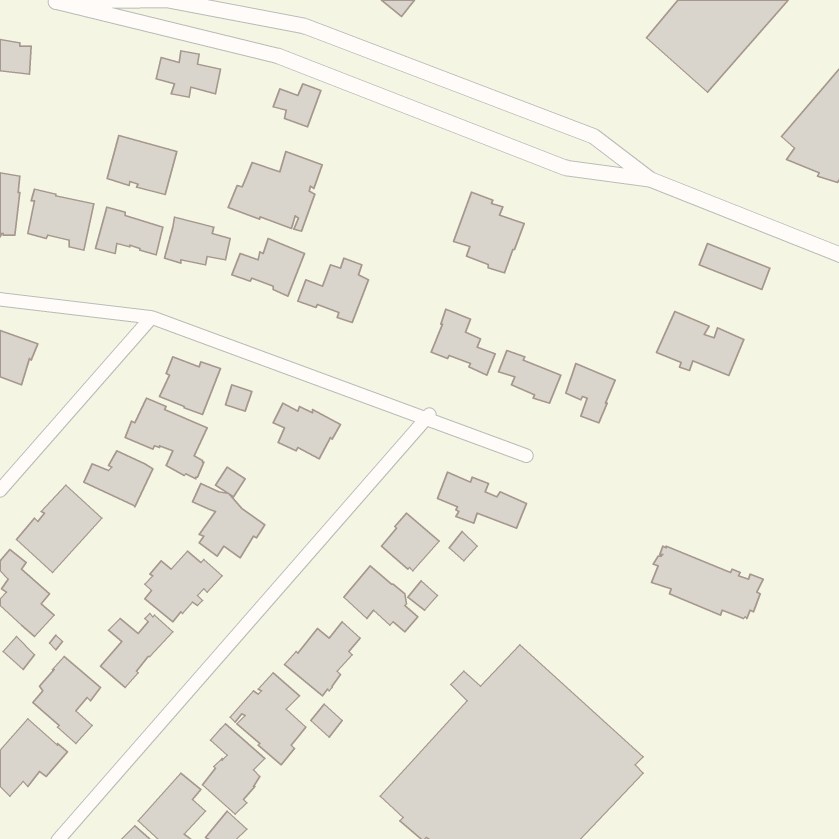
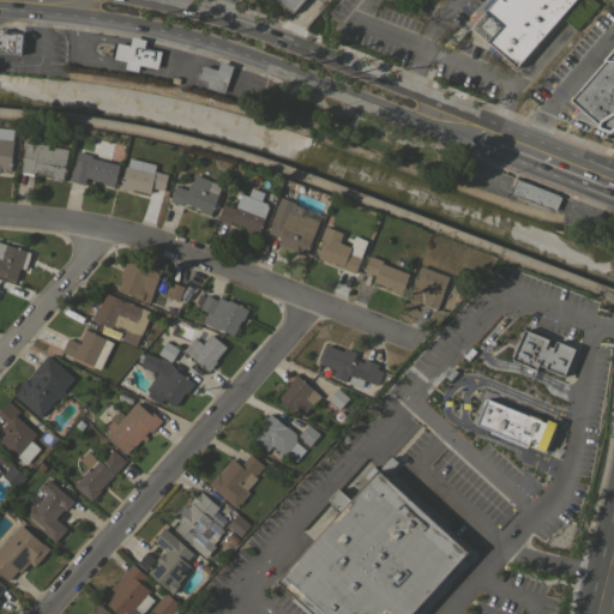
building: [107,136,177,194] -> none
building: [228,152,322,231] -> none
building: [453,192,524,273] -> [269,198,320,257]
building: [657,311,744,376] -> [512,330,576,377]
building: none -> [185,335,228,373]

